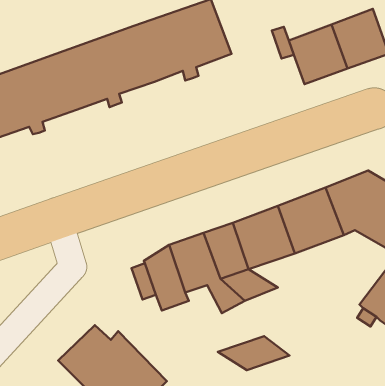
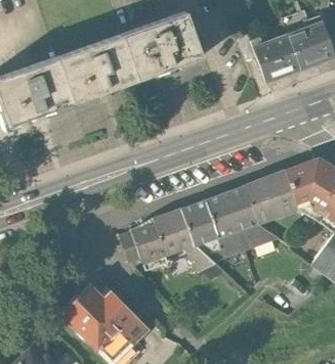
building: [218,336,290,370] -> [218,223,279,252]

